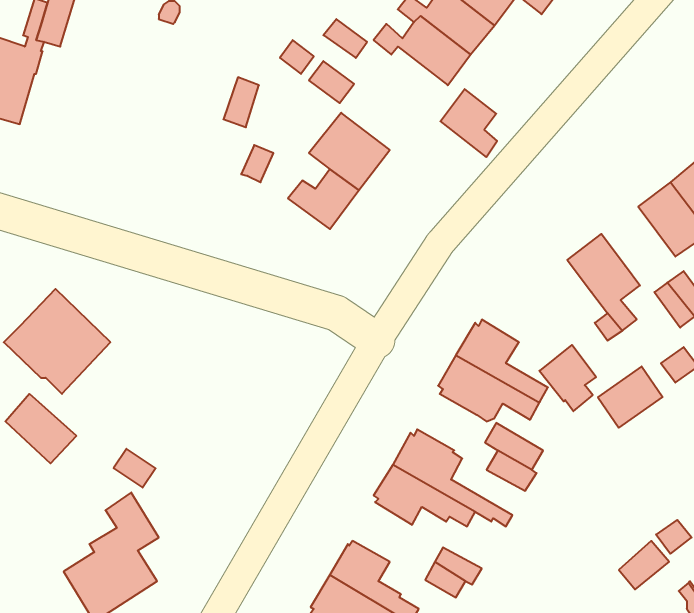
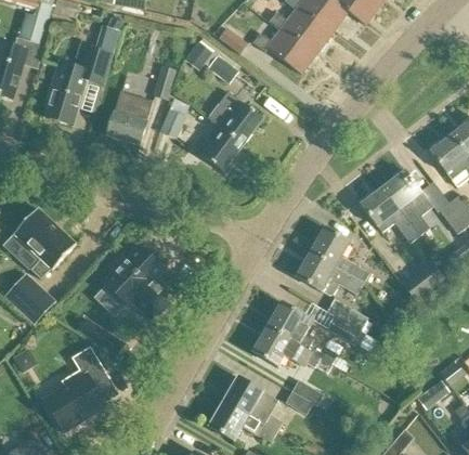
building: none -> [45,46,113,124]
building: [440,89,497,157] -> none
building: none -> [107,90,153,144]
building: none -> [96,243,175,322]
building: [539,345,596,411] -> [361,188,399,233]

